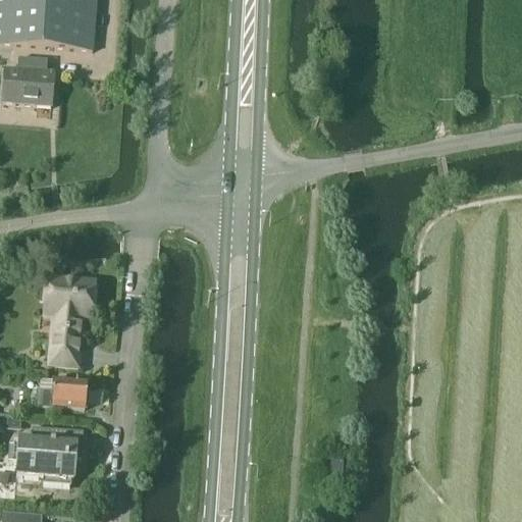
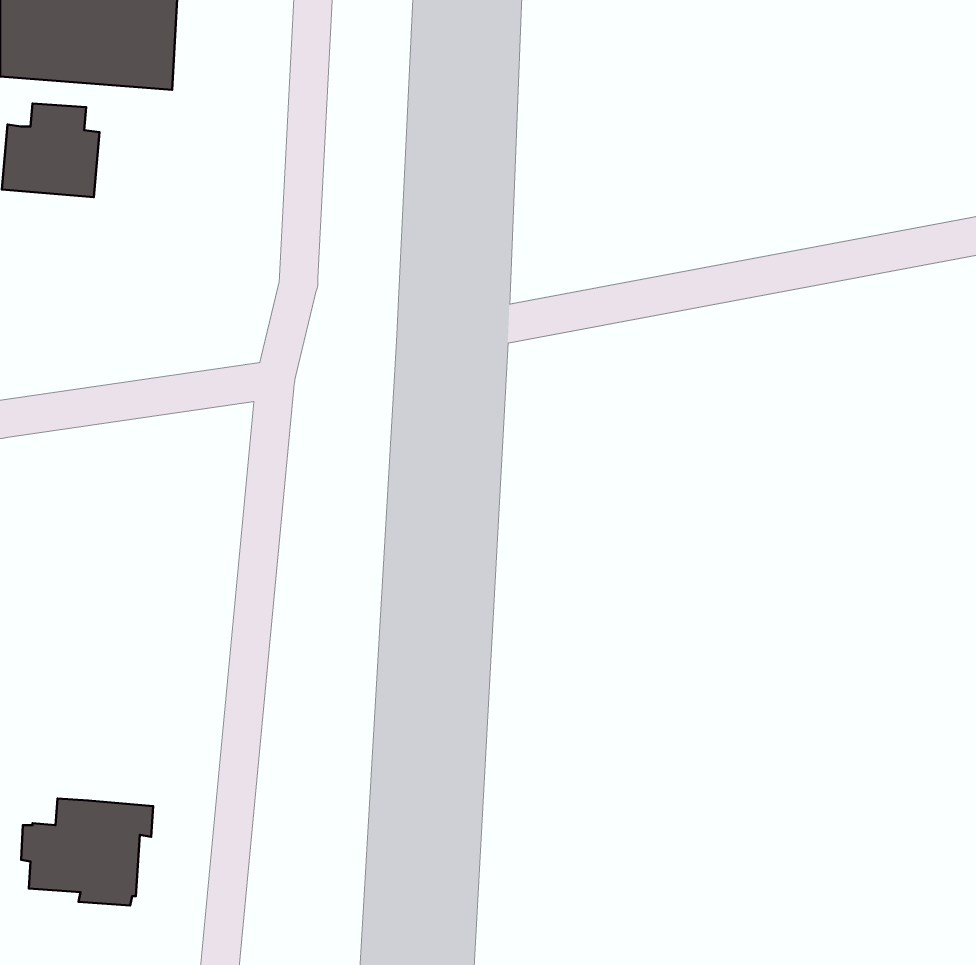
building: [44,276,95,365] -> none
building: [37,378,87,407] -> none

